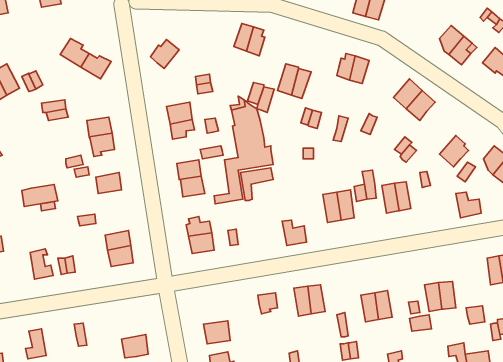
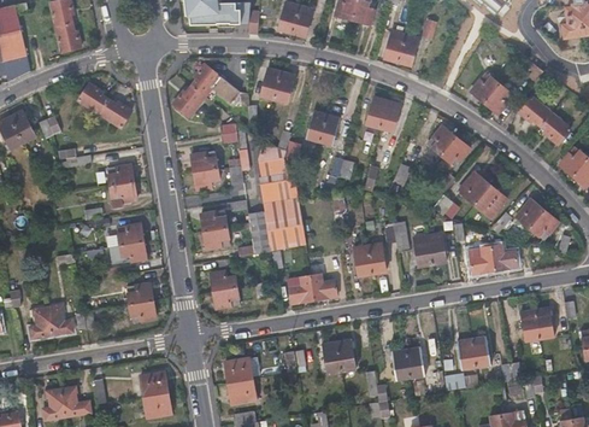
building: none -> [190,65,247,107]
building: none -> [458,171,491,205]
building: [22,185,58,207] -> [110,242,147,265]
building: none -> [469,246,496,275]
building: none -> [288,275,316,304]
building: none -> [28,308,53,339]
building: none -> [225,356,257,382]
building: none -> [140,373,169,398]
building: none -> [60,385,90,415]

